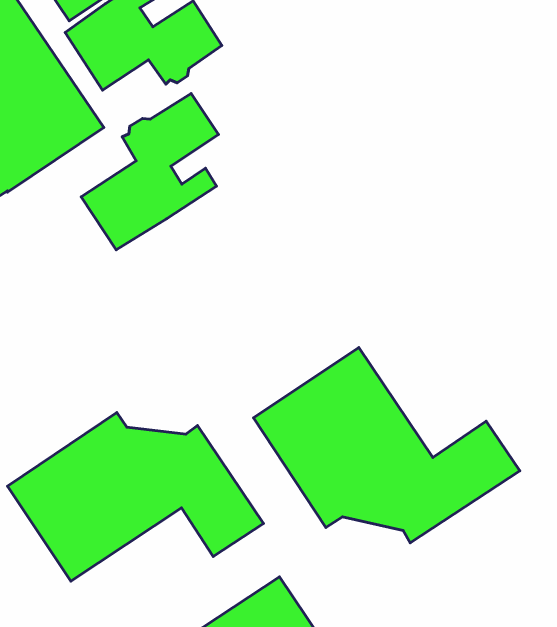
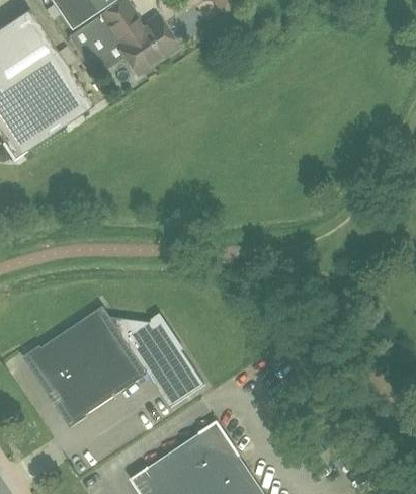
building: [81,94,218,250] -> none
building: [253,348,520,543] -> none

